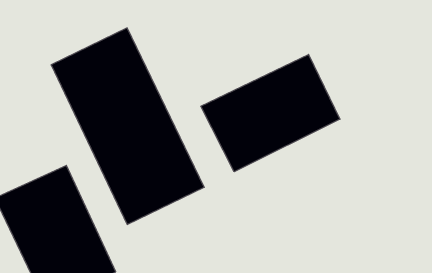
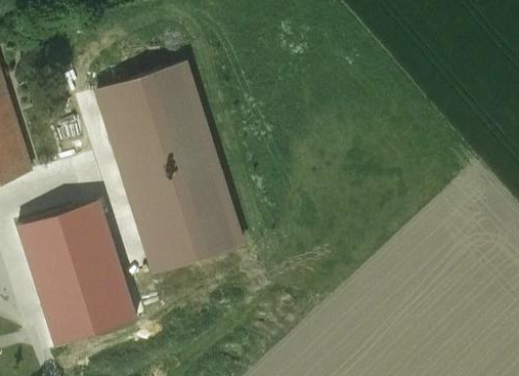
building: [201,54,340,172] -> none

